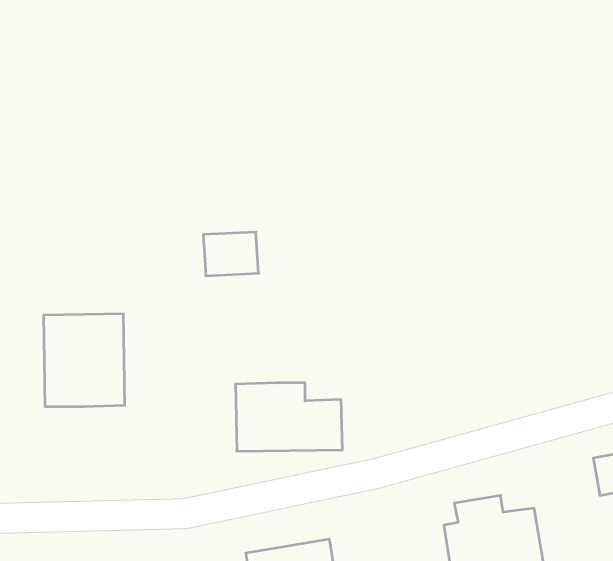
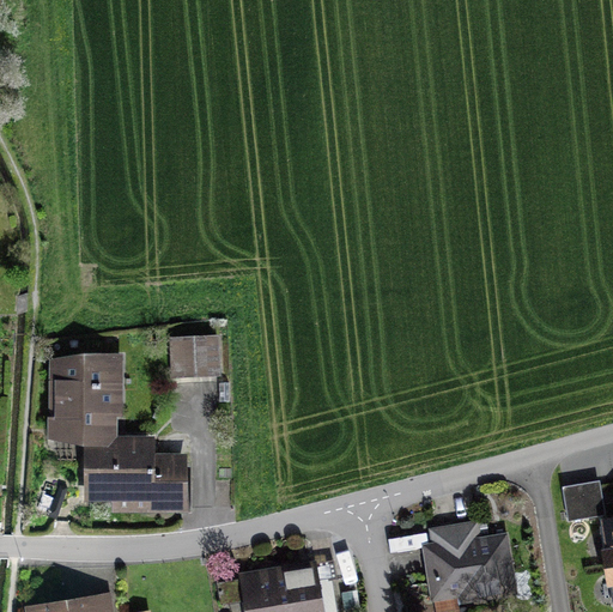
building: [203,232,259,276] -> [166,338,218,378]
building: [236,383,342,451] -> [86,438,186,502]

